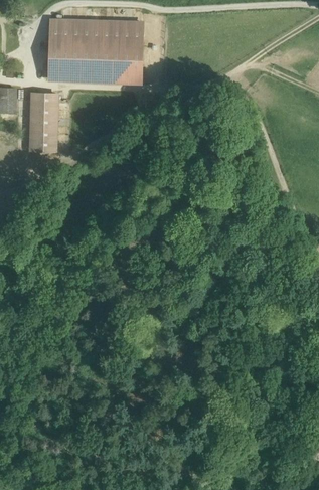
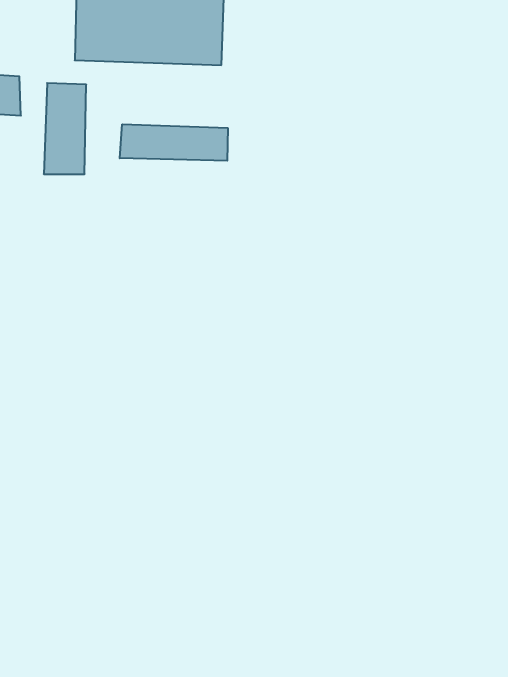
building: none -> [120,124,228,161]

